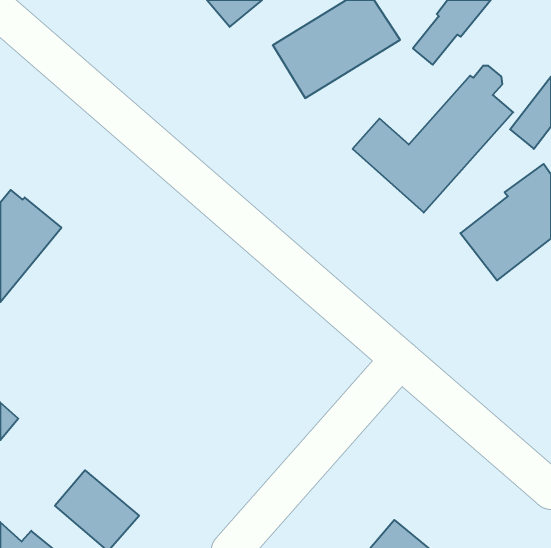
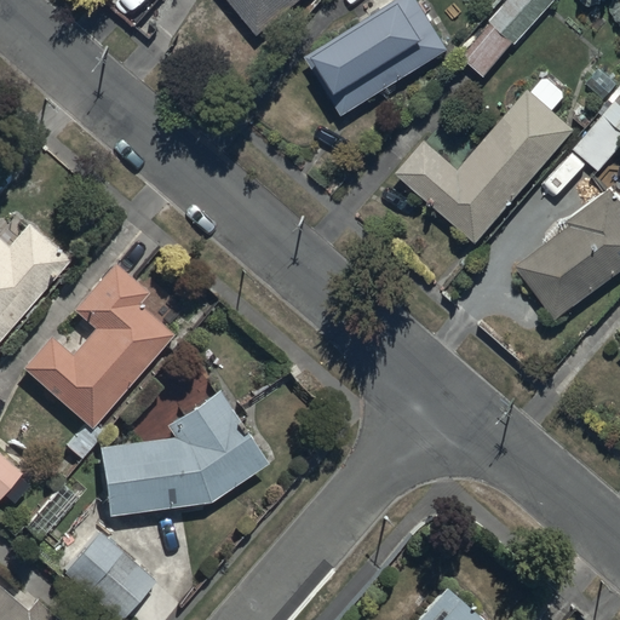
building: none -> [23,264,171,427]
building: none -> [99,391,265,516]

